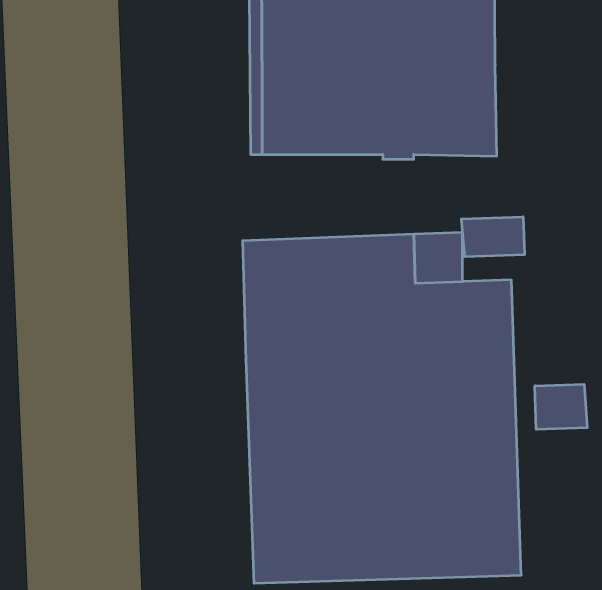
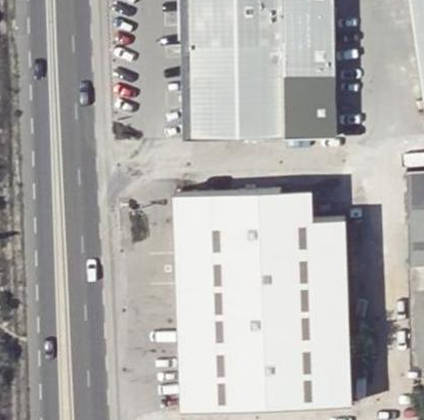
building: [461,217,524,257] -> none
building: [535,384,587,429] -> none

